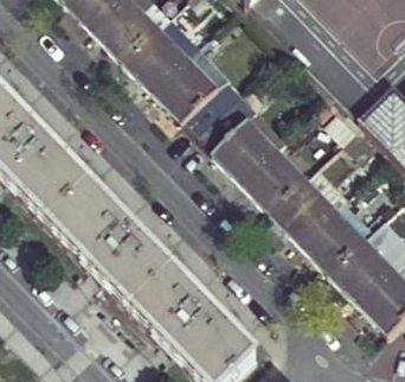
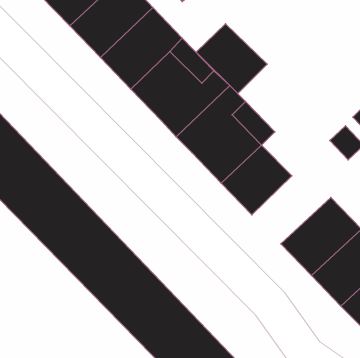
building: none -> [196,24,267,94]
building: [266,161,359,240] -> none

